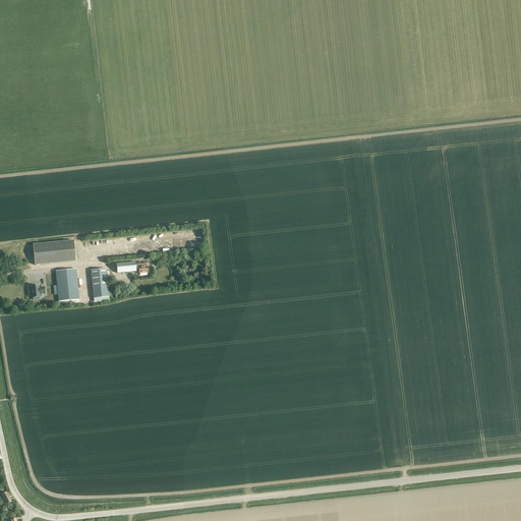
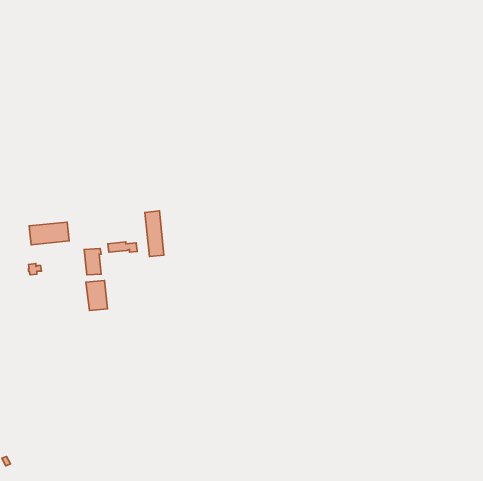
building: none -> [145,211,164,257]
building: [55,268,78,300] -> [86,280,107,311]

